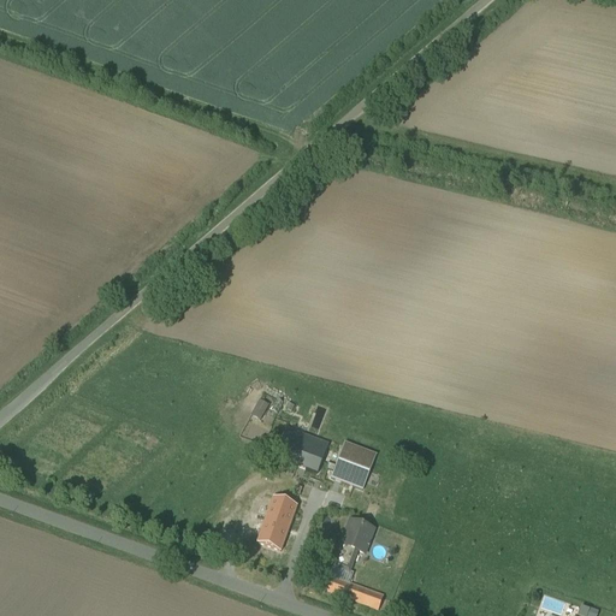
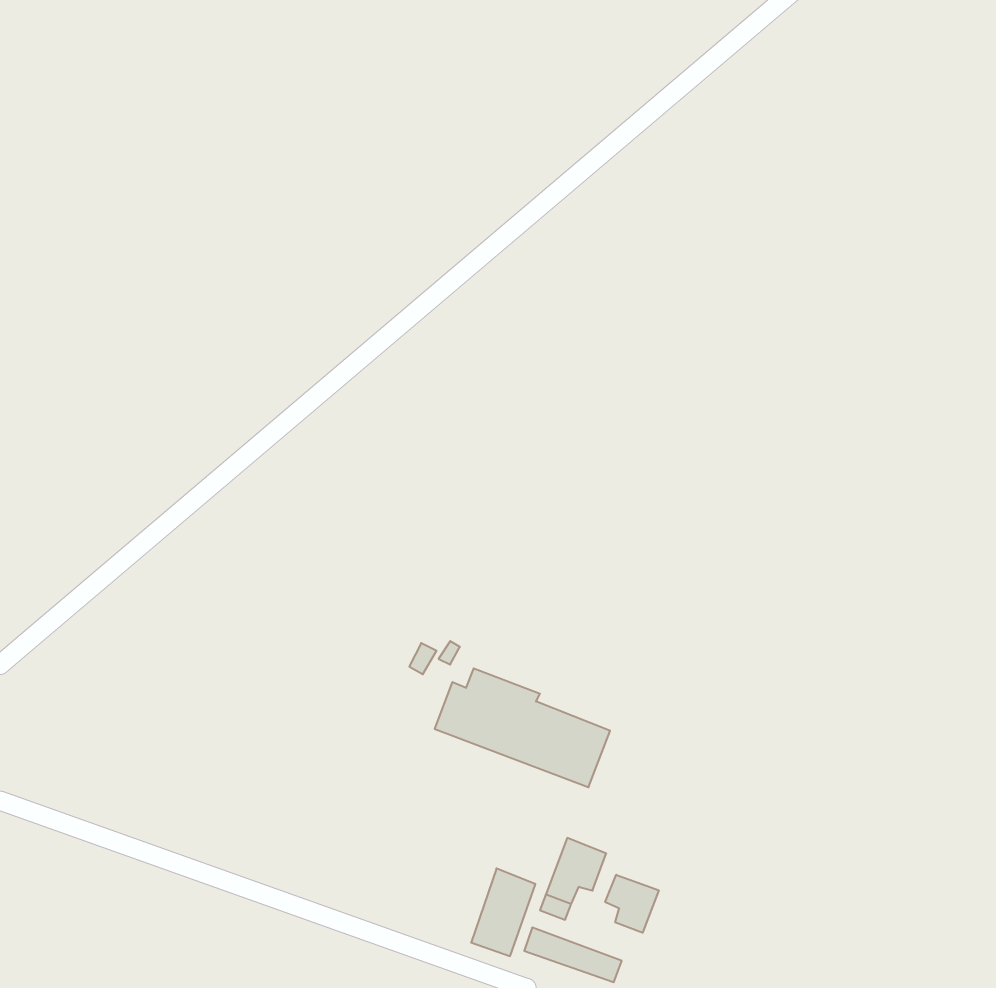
building: [257,493,297,547] -> [471,868,535,956]
building: none -> [605,875,659,933]

